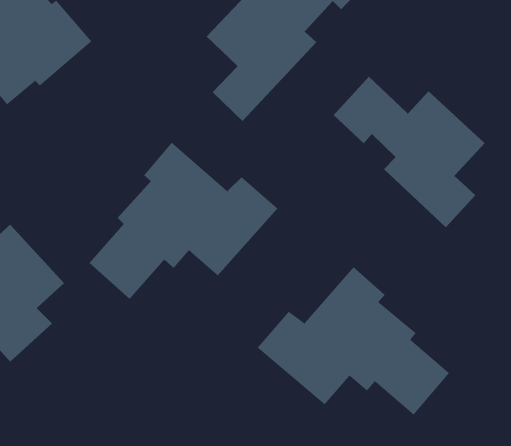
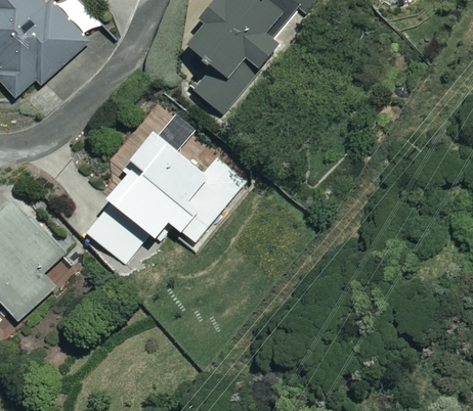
building: [333,76,485,228] -> none
building: [257,266,450,415] -> none

